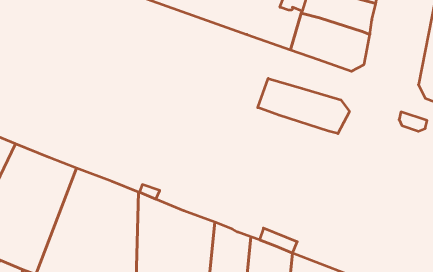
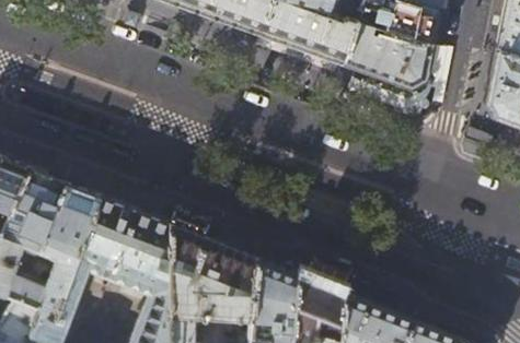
building: [258,78,349,134] -> none

